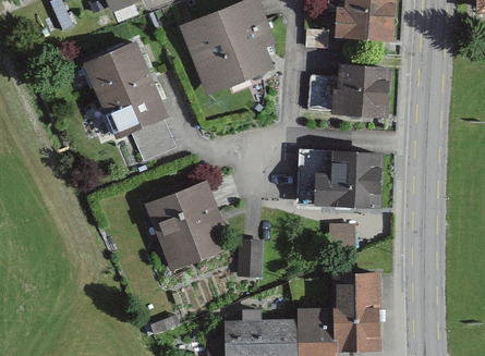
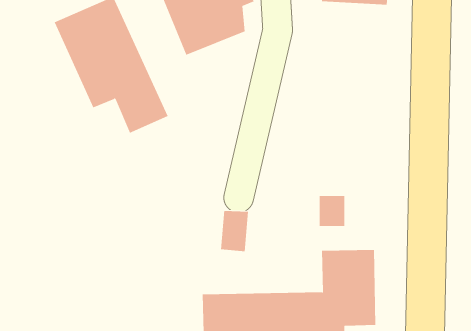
building: [328,64,395,118] -> none
building: [310,154,384,207] -> none
building: [134,174,228,277] -> none

